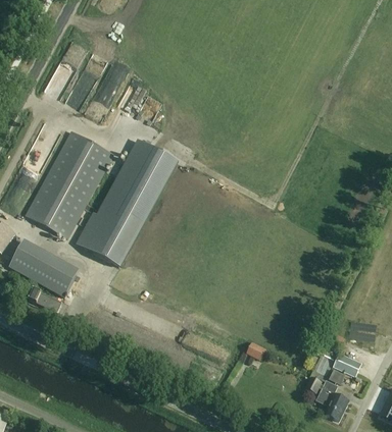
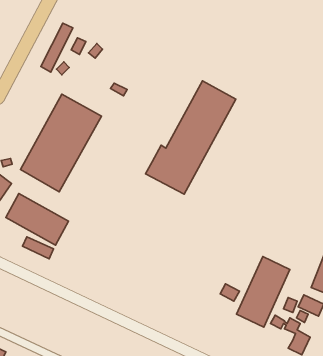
building: [76,140,176,265] -> [146,81,236,194]
building: none -> [237,257,290,327]

